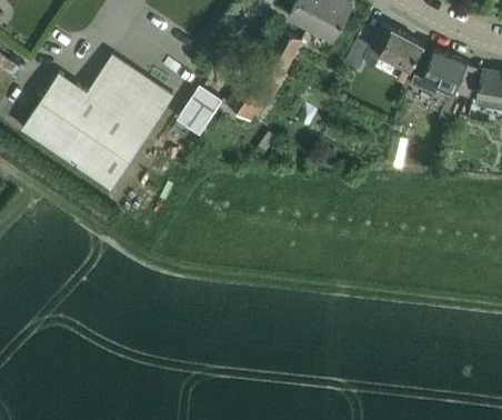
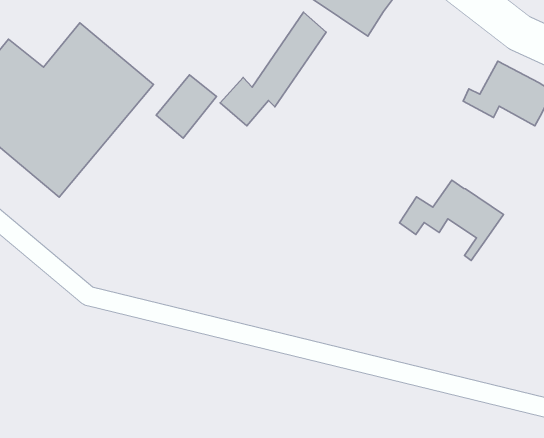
building: [345,24,424,84] -> [399,180,504,261]

